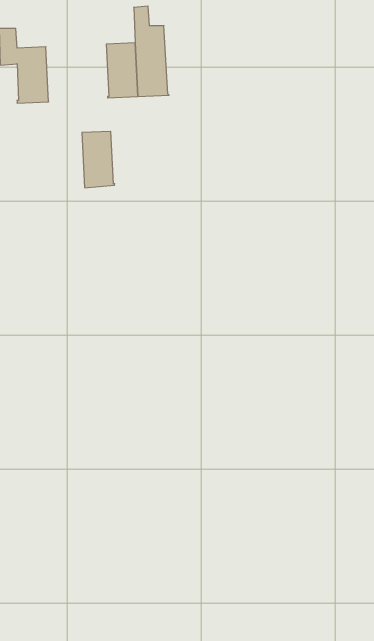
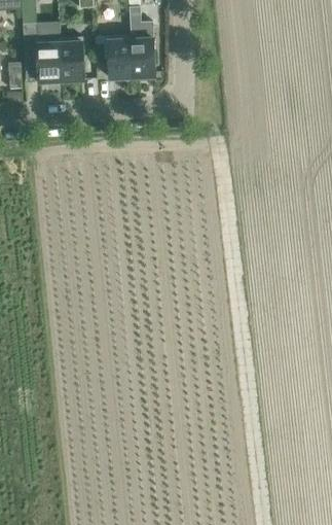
building: [82,131,115,188] -> [60,36,85,80]

